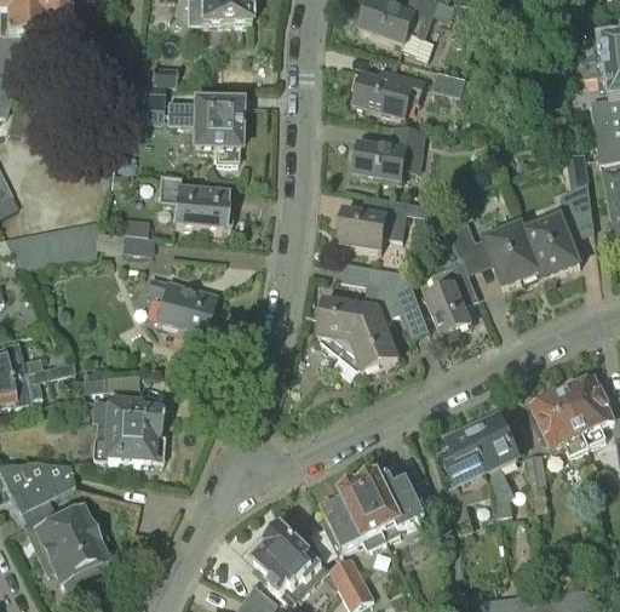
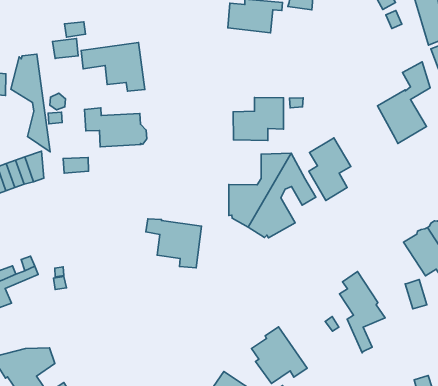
building: none -> [11,54,50,152]
building: [354,124,424,179] -> none
building: [447,219,539,285] -> none
building: [144,274,214,344] -> [146,219,201,268]
building: [91,397,160,462] -> none
building: [466,414,518,515] -> none
building: [357,469,425,539] -> none

